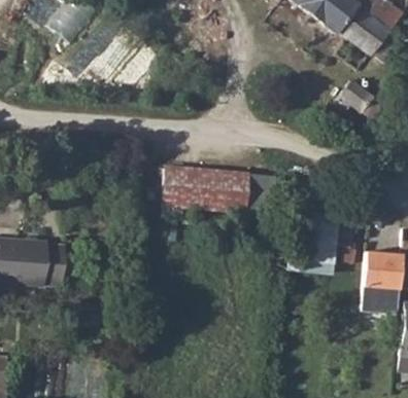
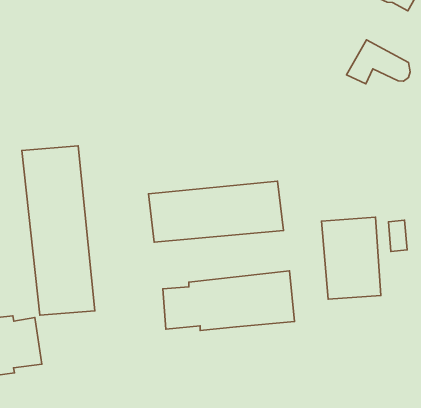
building: none -> [22,146,95,315]
building: none -> [163,271,295,330]

